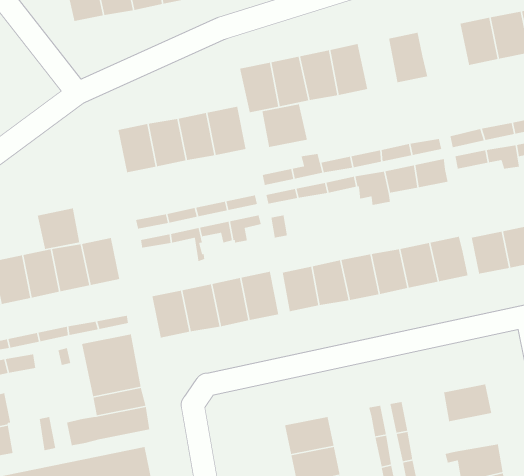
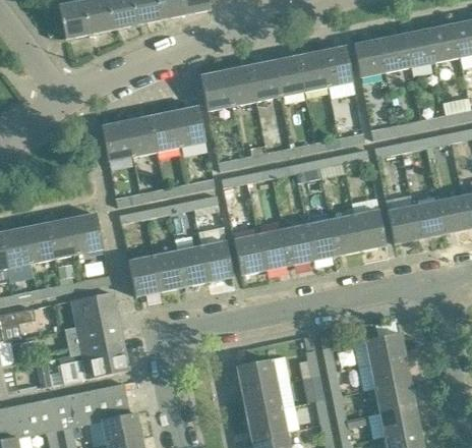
building: none -> [353,39,386,78]
building: none -> [296,51,328,93]
building: [261,103,308,148] -> none
building: [37,208,80,250] -> none
building: none -> [369,356,410,387]

